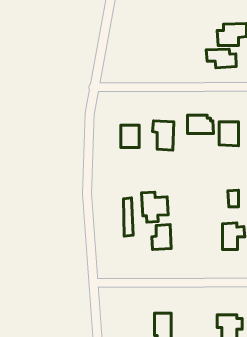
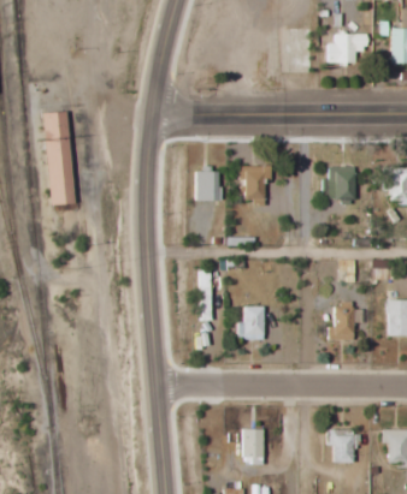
building: [206,49,236,68] -> none
building: none -> [41,112,79,212]
building: [188,115,214,134] -> none
building: [142,192,168,222] -> none

